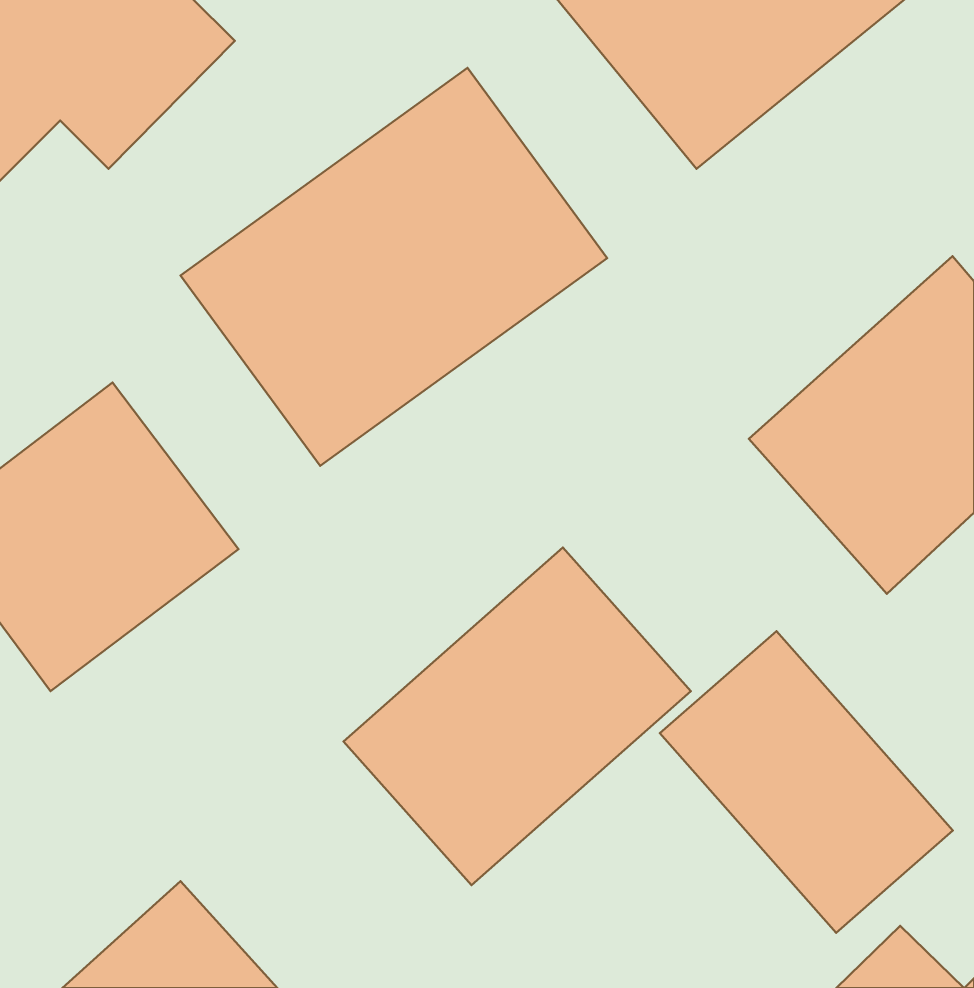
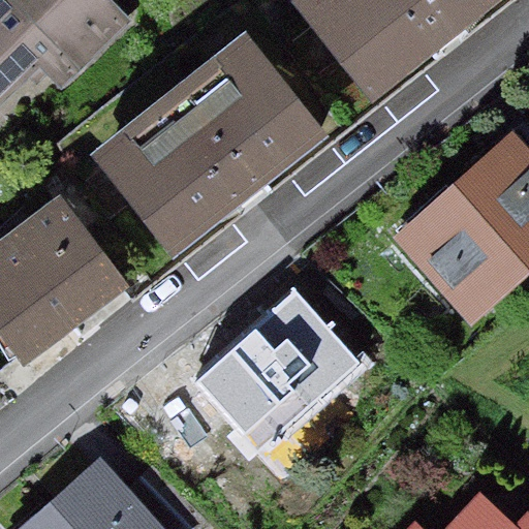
building: [660,631,953,933] -> none

